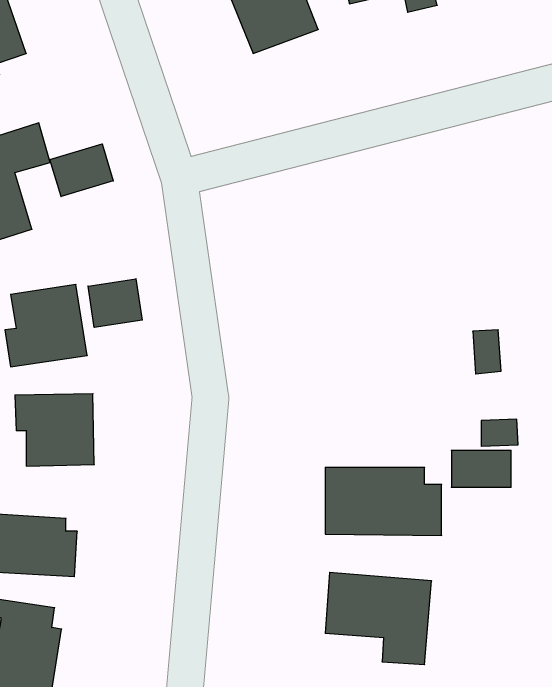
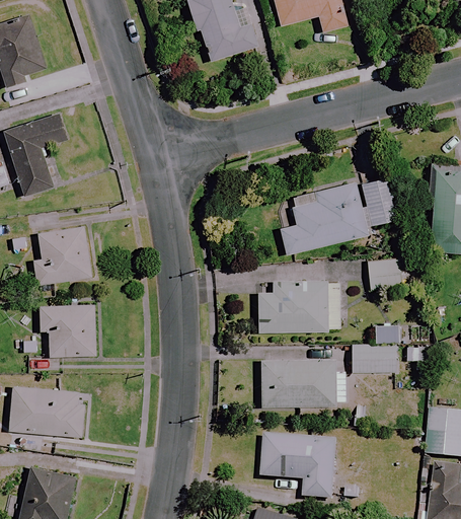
building: [50,144,113,197] -> none
building: none -> [281,176,389,254]
building: [88,279,142,327] -> none
building: none -> [258,277,341,331]

